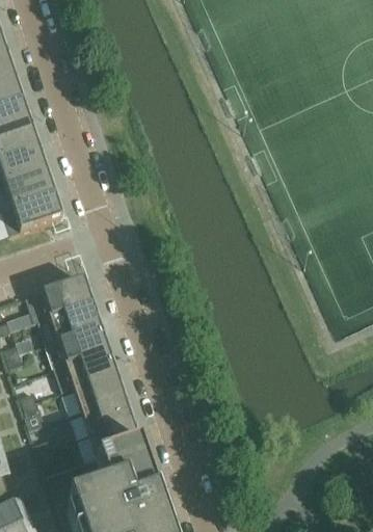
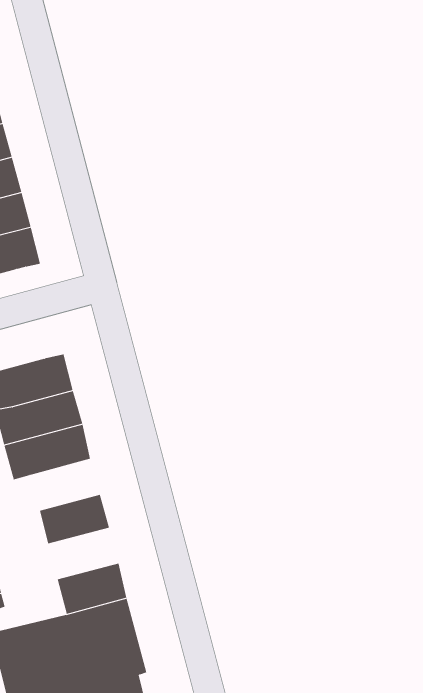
building: [55,348,116,390] -> none
building: [82,395,133,433] -> none

